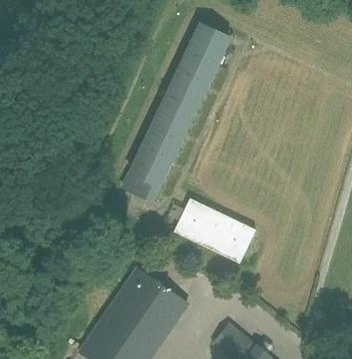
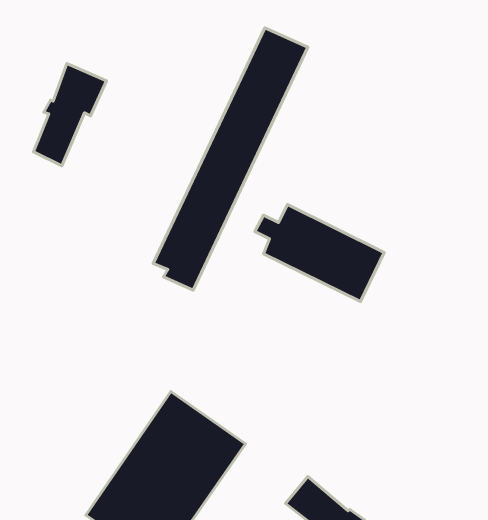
building: none -> [34,63,106,166]
building: [168,196,256,261] -> [255,205,384,302]

